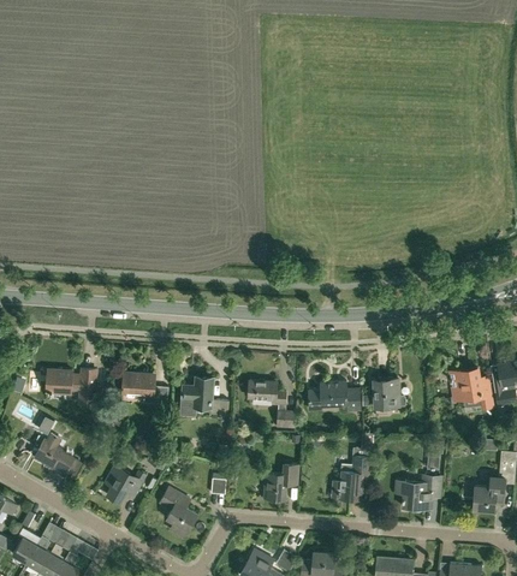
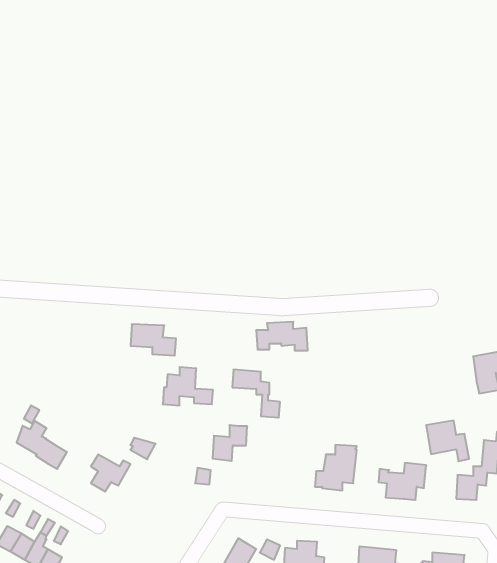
building: [448,368,492,409] -> [426,421,469,461]
building: [46,369,95,403] -> none
building: [121,373,167,404] -> [131,324,176,355]
building: [374,380,405,406] -> none
building: [308,382,359,411] -> [256,322,308,351]
building: [265,464,299,500] -> [213,425,247,461]
building: [159,488,196,539] -> none

